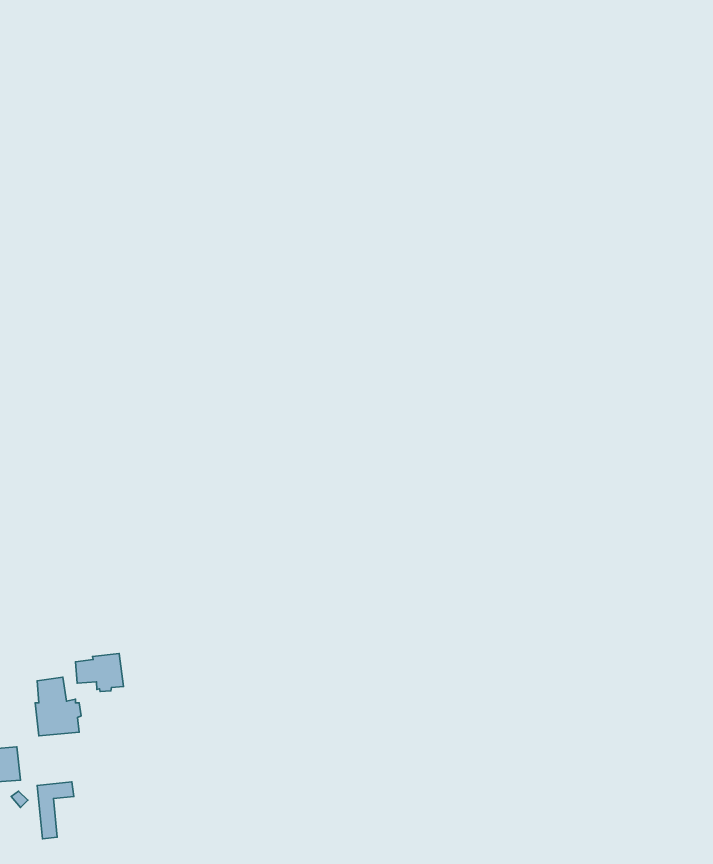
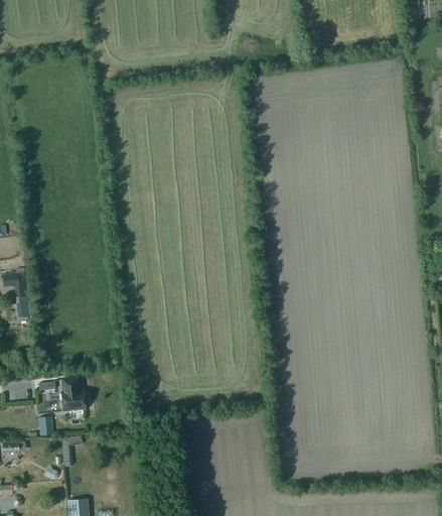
building: [75,653,123,692] -> none

